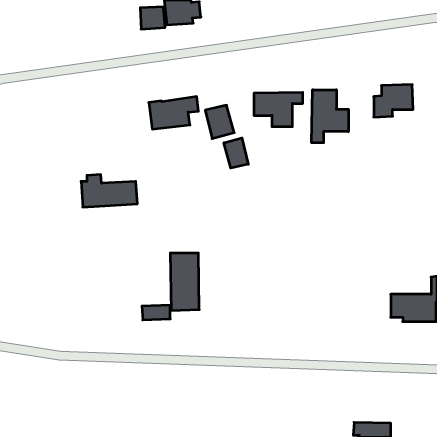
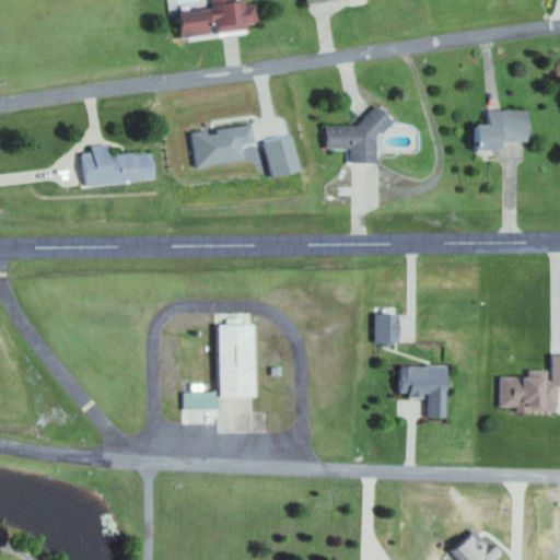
building: [312,90,348,143] -> none
building: [224,138,248,168] -> none
building: [81,175,137,207] -> [82,142,154,184]
building: none -> [374,313,399,342]
building: none -> [398,365,446,417]

